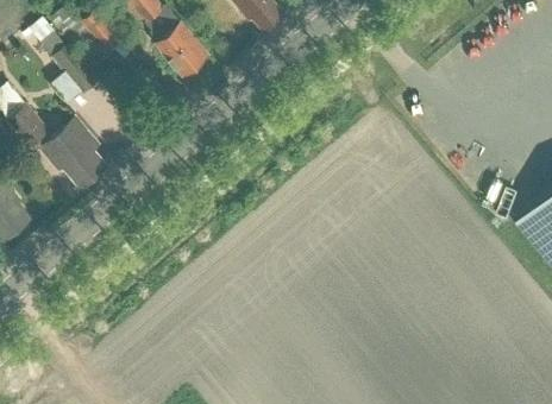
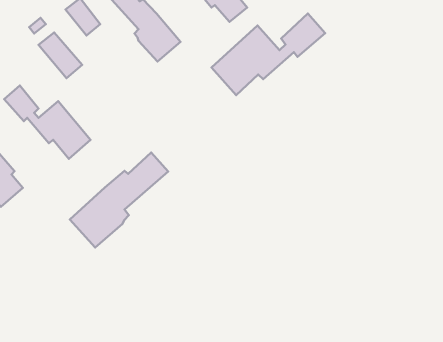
building: none -> [212,13,325,95]
building: none -> [70,152,168,247]

